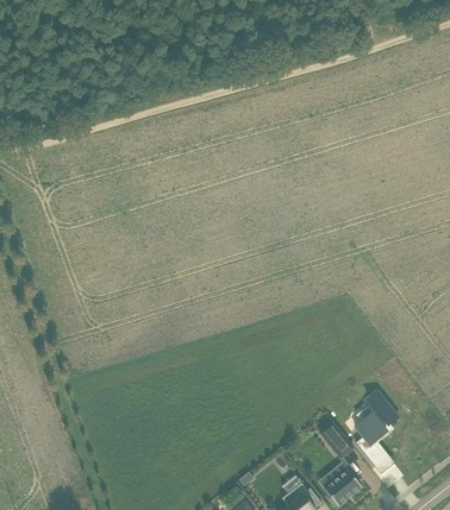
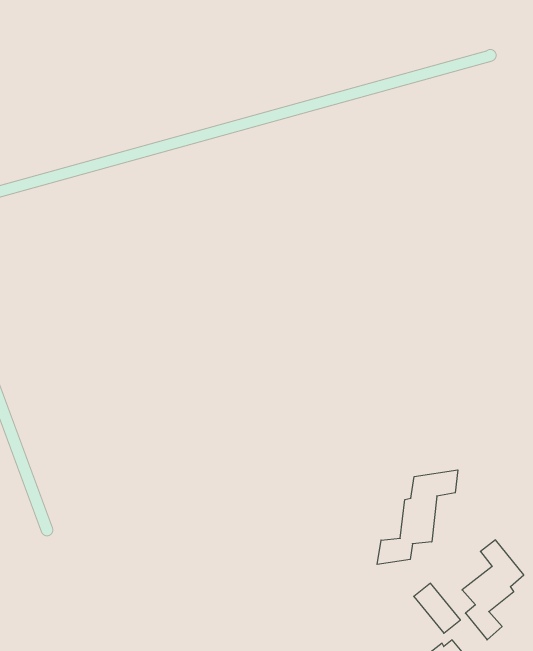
building: none -> [377,470,458,564]

